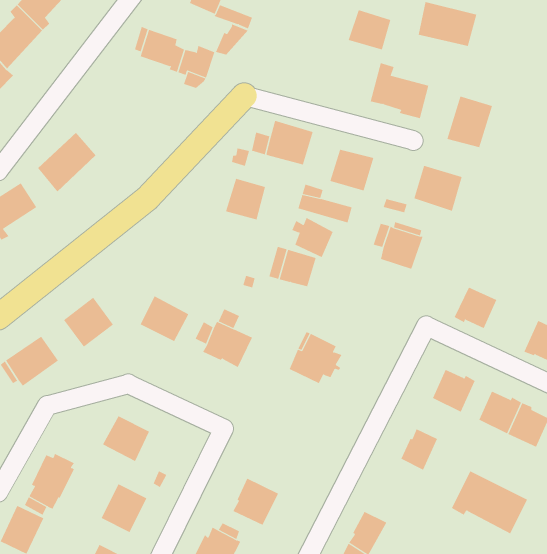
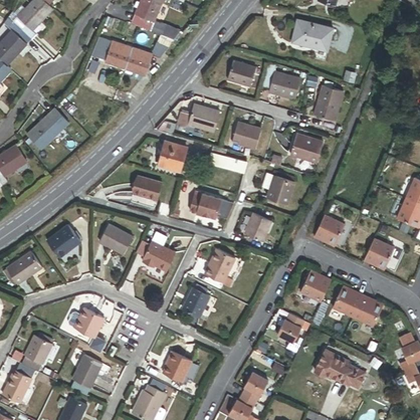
building: [348,10,391,50] -> [224,58,254,86]
building: [292,217,334,258] -> [241,214,270,242]
building: none -> [130,172,161,199]
building: none -> [179,283,214,321]

